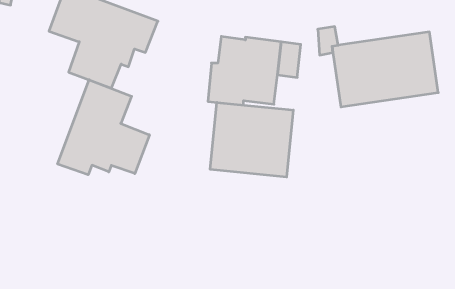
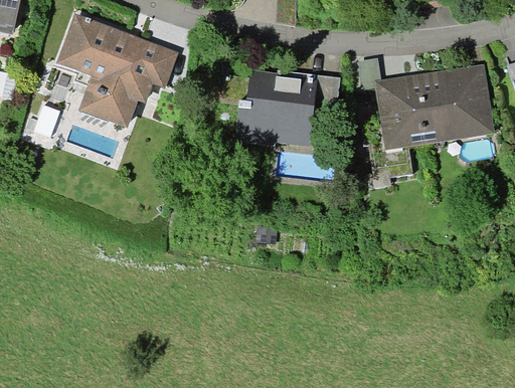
building: [58,80,149,175] -> none
building: [210,102,293,177] -> none

